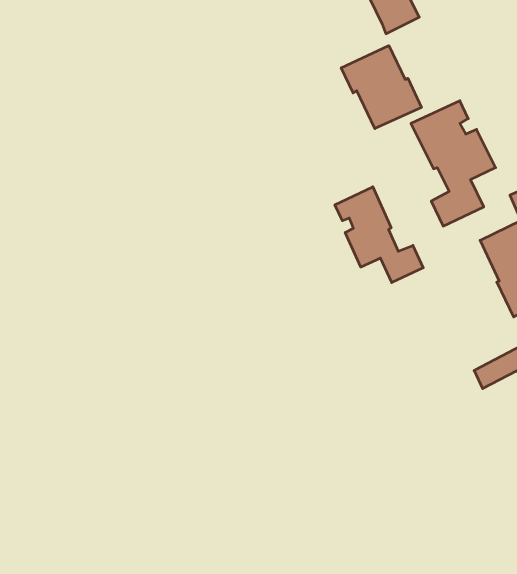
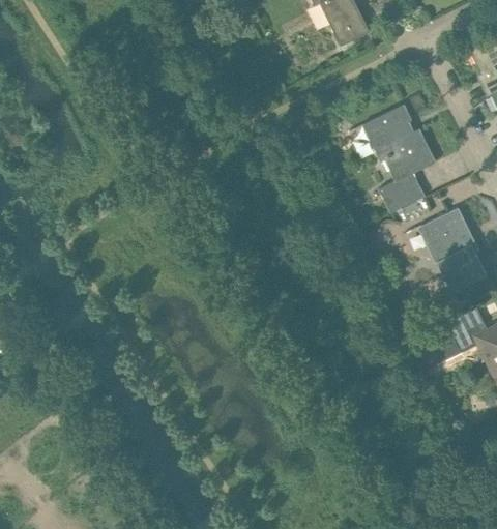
building: [341,46,421,129] -> none
building: [335,187,423,283] -> none

